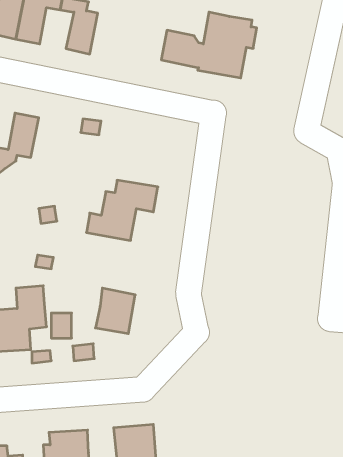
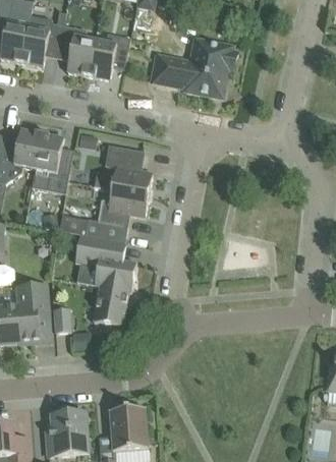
building: none -> [88,34,130,79]
building: none -> [32,132,69,189]
building: none -> [94,145,152,194]
building: none -> [75,235,136,291]

